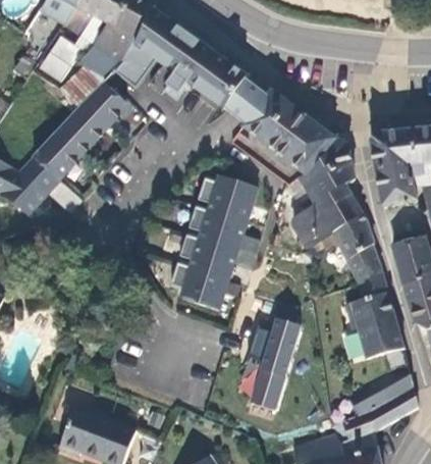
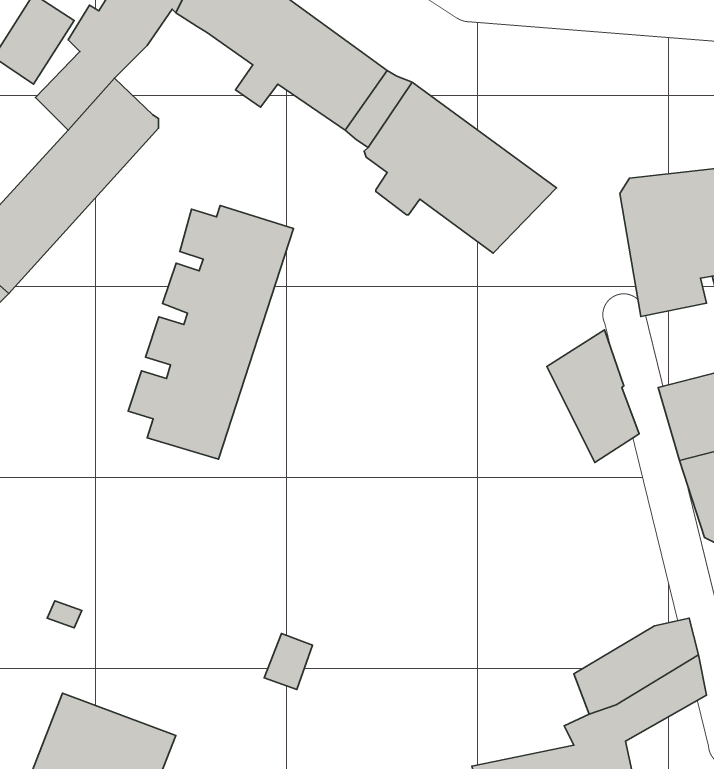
building: [103,43,152,99] -> none
building: [293,138,363,246] -> none
building: [171,174,259,309] -> [128,205,293,459]
building: [344,268,402,359] -> none
building: [233,313,302,406] -> none

